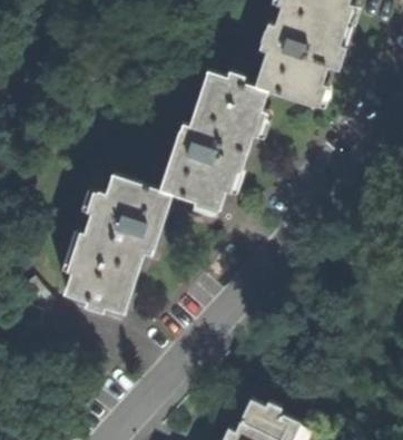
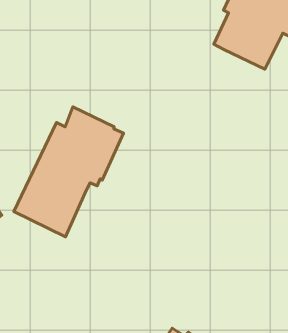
building: [160,71,267,209] -> none

